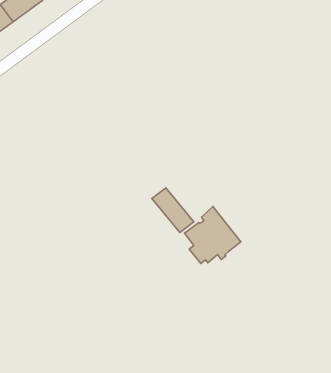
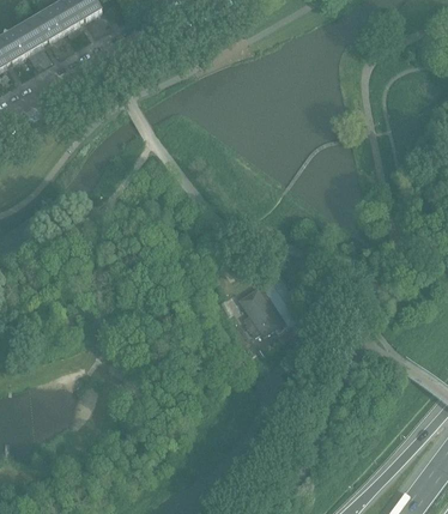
building: [152,188,194,232] -> none

